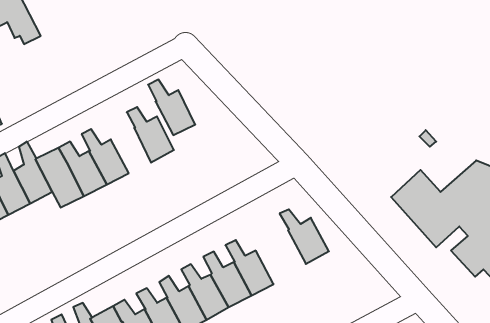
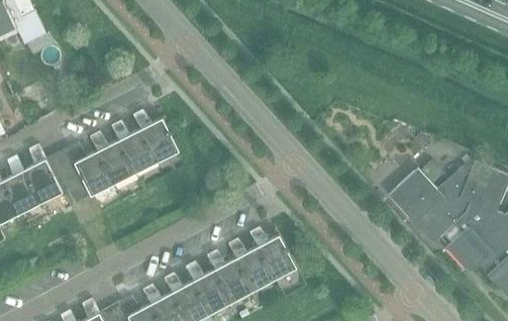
building: [148,80,195,135] -> [111,120,157,174]
building: [280,209,329,264] -> [249,228,297,281]

